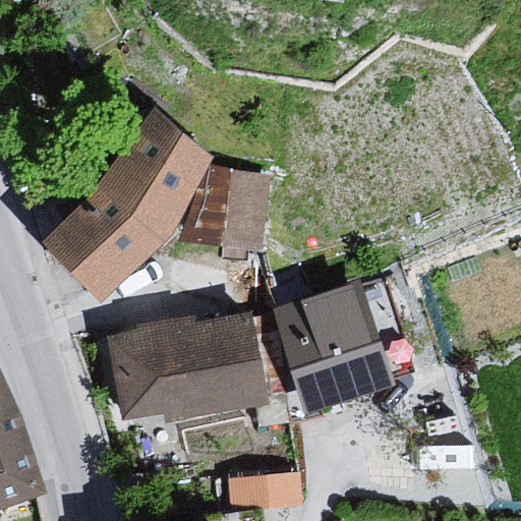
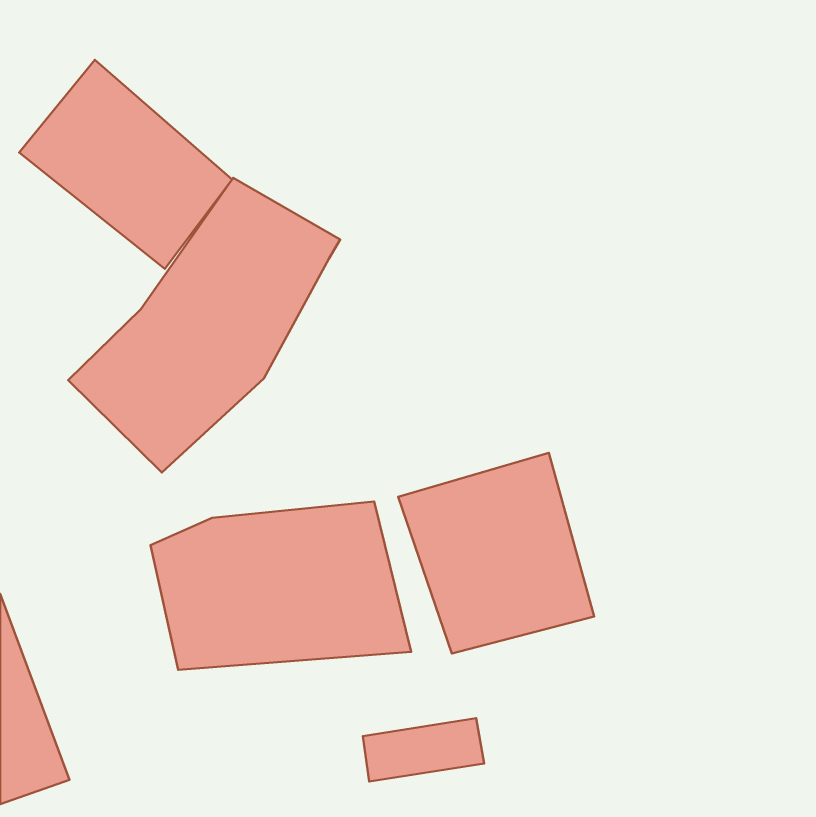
building: none -> [19,60,232,269]
building: [171,163,264,258] -> none

